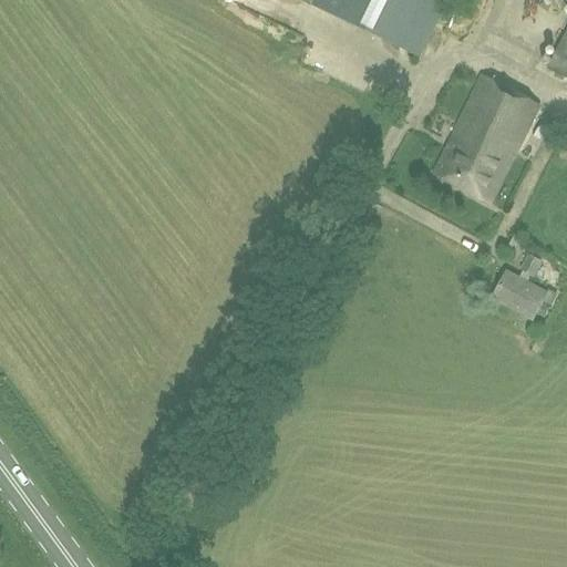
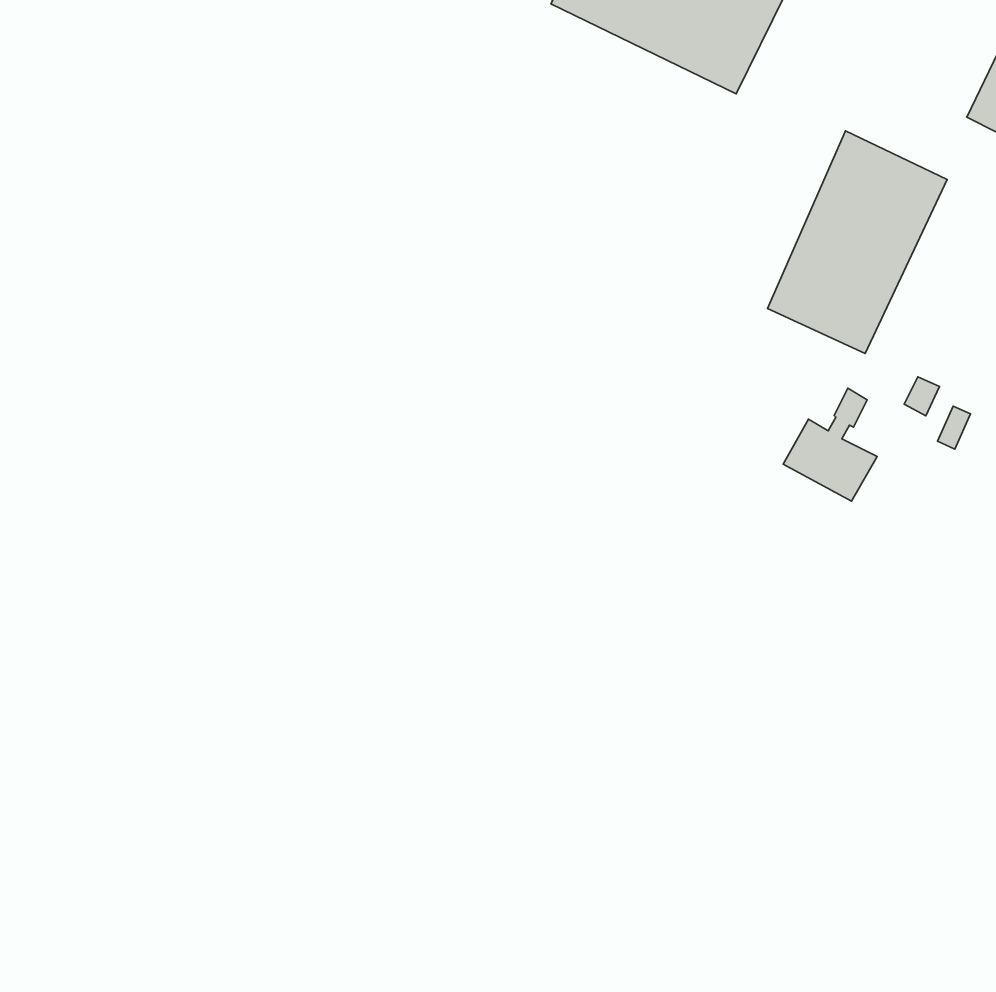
building: [494,252,547,317] -> [783,388,877,501]

